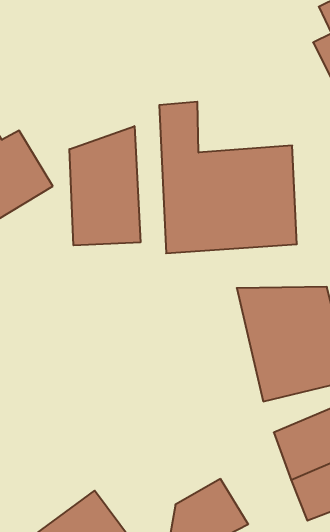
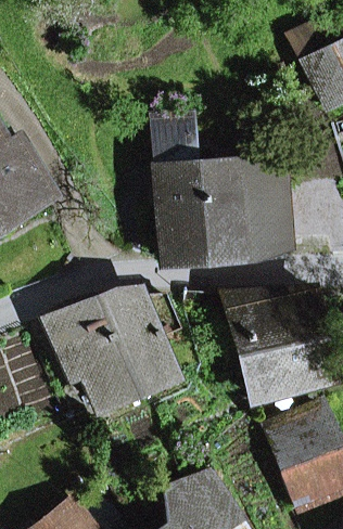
building: [69,126,140,245] -> none
building: none -> [45,293,178,407]

